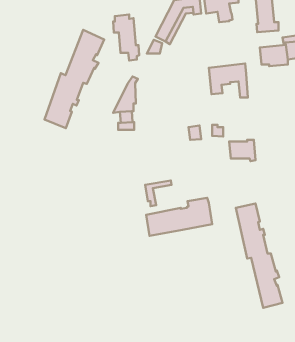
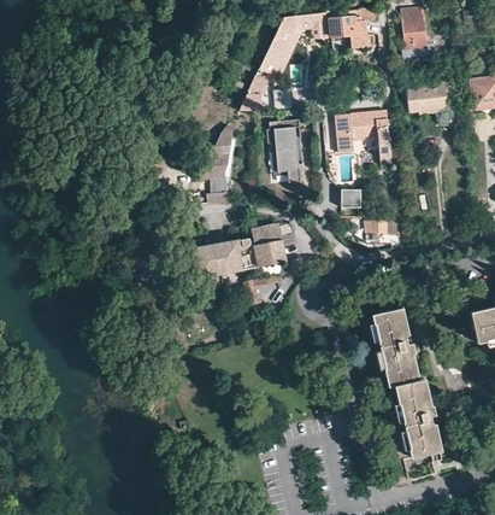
building: [113,15,139,60] -> [267,119,305,185]
building: [44,30,104,128] -> none
building: [146,198,212,236] -> [190,224,284,279]

